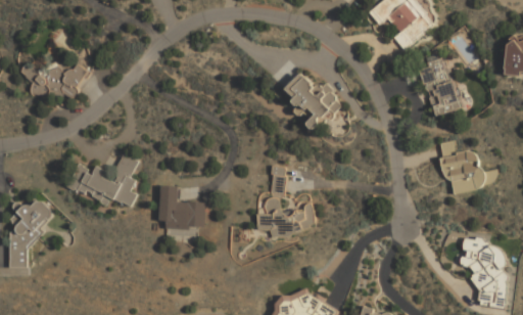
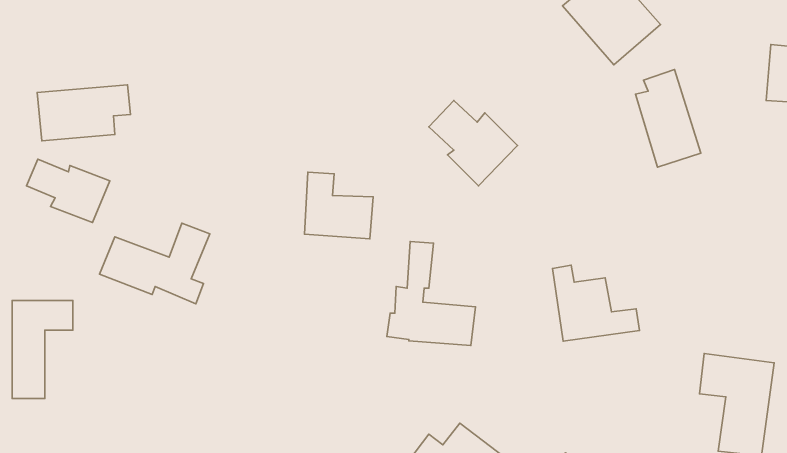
building: none -> [26,159,110,223]
building: [440,140,497,190] -> [552,265,639,341]
building: [158,186,203,230] -> [305,172,373,239]

